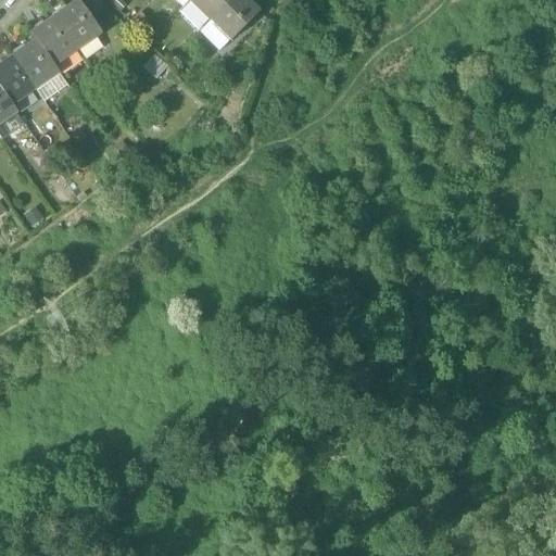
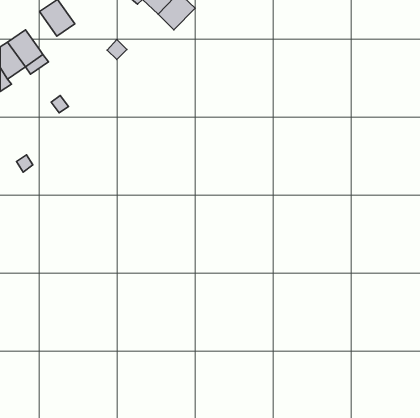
building: [30,15,76,65] -> none

